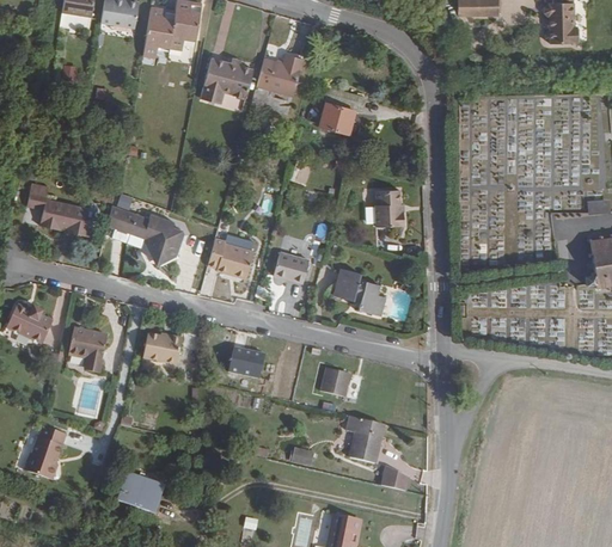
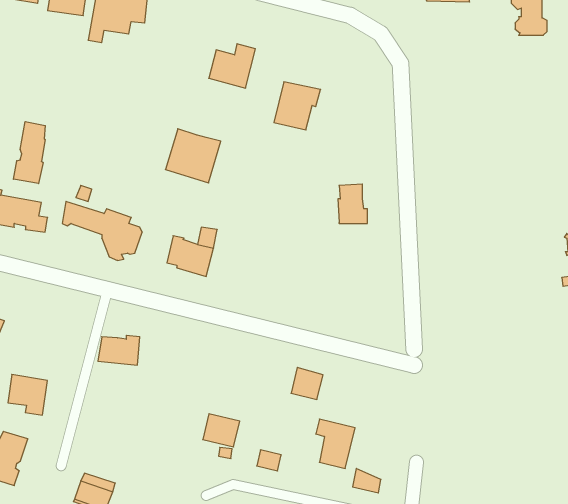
building: [190,54,244,106] -> [165,129,221,183]
building: none -> [13,122,45,184]
building: [271,252,307,283] -> none
building: [333,266,386,313] -> none
building: [65,330,103,369] -> [8,374,47,415]
building: [227,345,263,377] -> [203,414,240,447]

